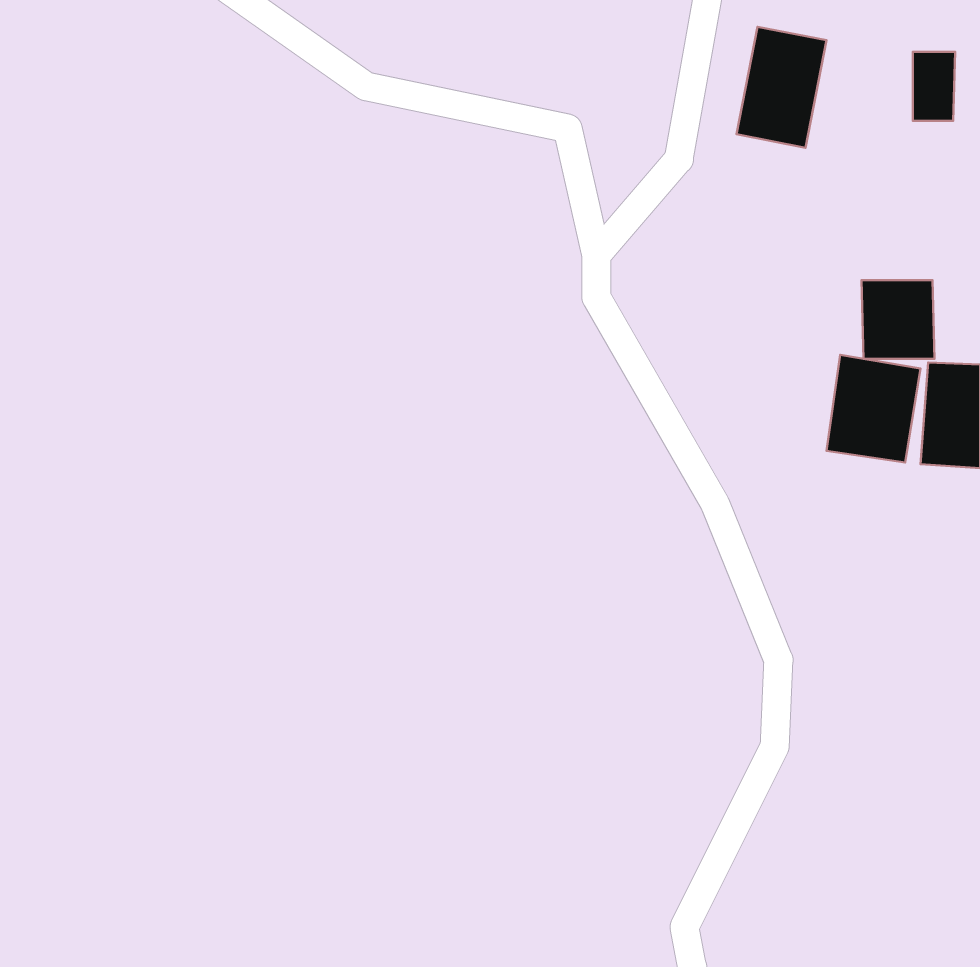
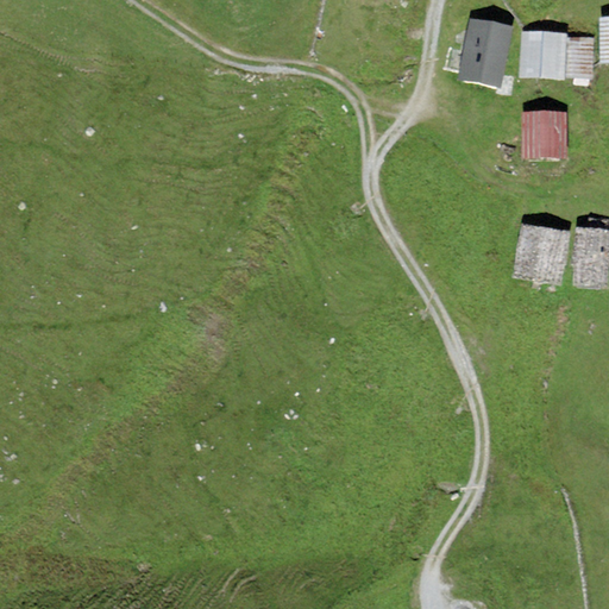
building: none -> [519,29,566,81]
building: [862,280,934,359] -> [521,108,566,157]

